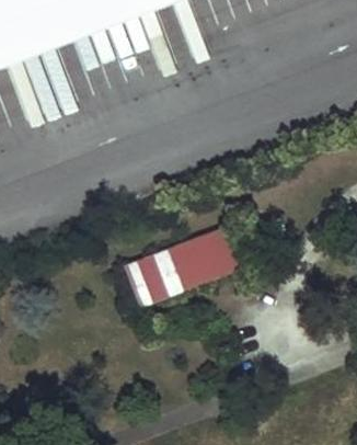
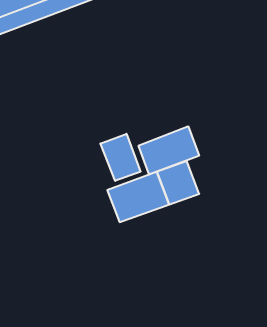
building: none -> [139,126,199,175]
building: none -> [100,134,141,181]

